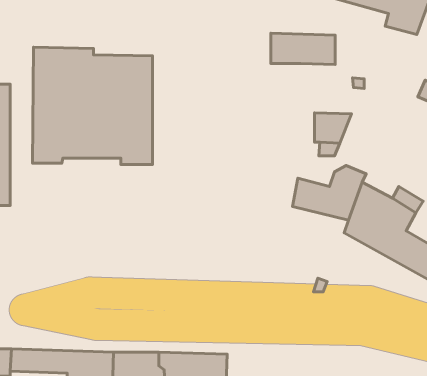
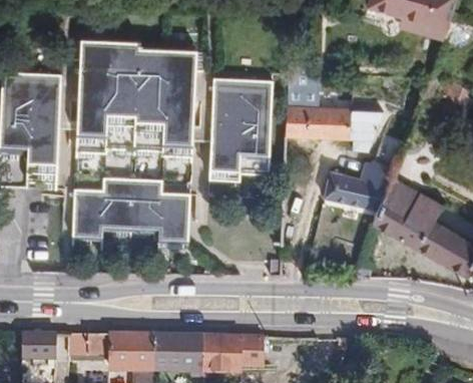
building: [271,33,335,65] -> [285,106,346,136]
building: none -> [212,79,271,177]
building: none -> [75,184,190,247]

